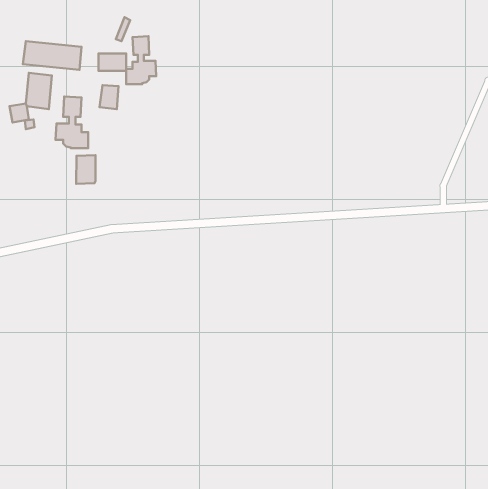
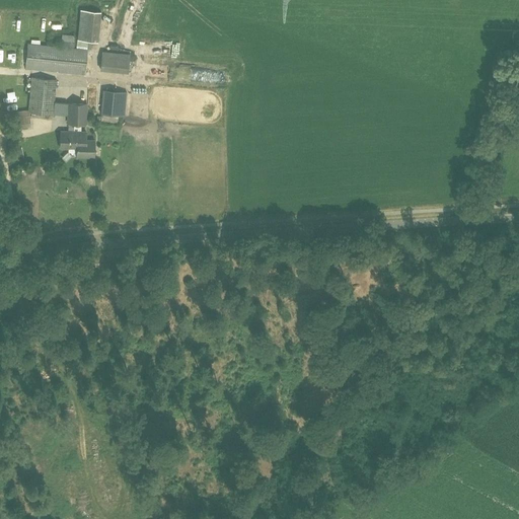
building: none -> [80,10,102,41]
building: [126,36,156,84] -> none
building: [76,155,96,184] -> none

